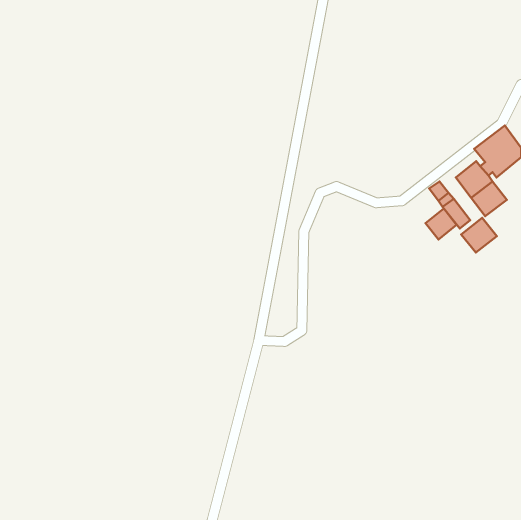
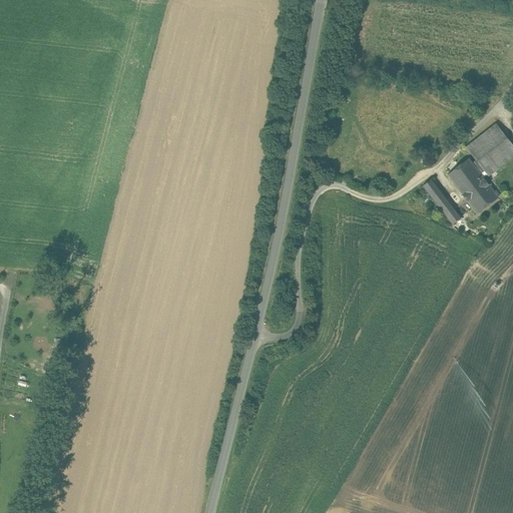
building: [426,209,457,239] -> none
building: [461,218,497,253] -> none

